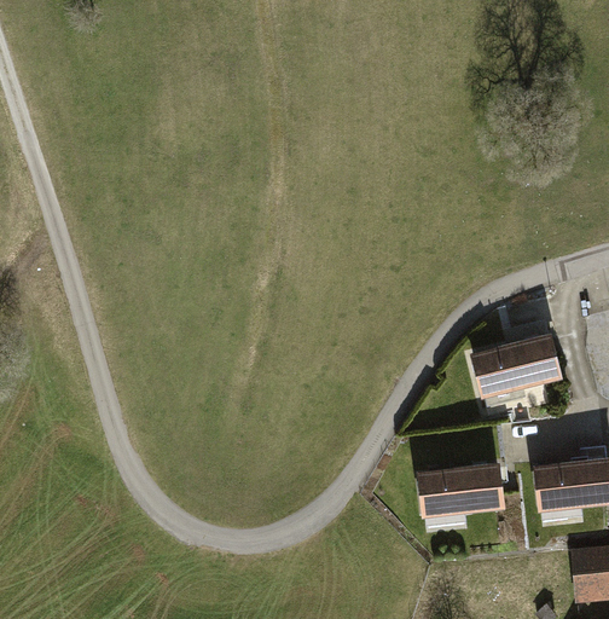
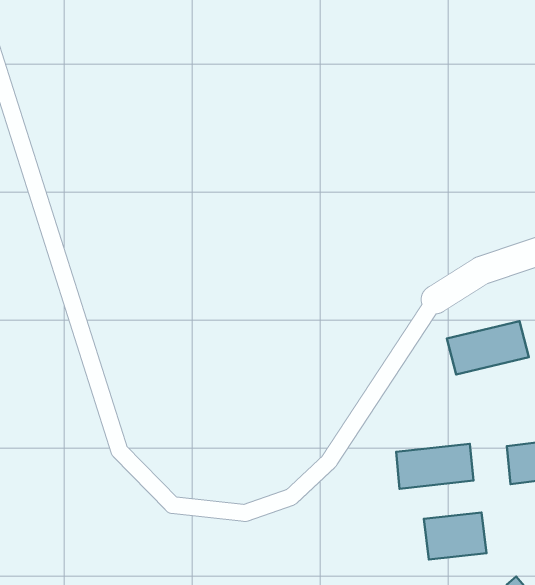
building: none -> [424,513,487,560]

